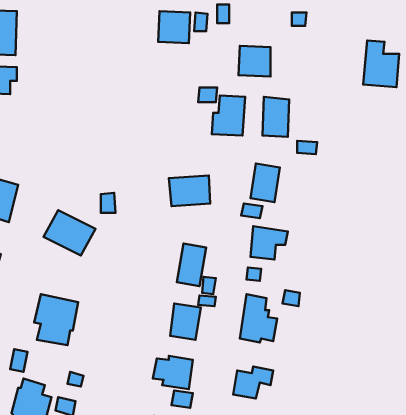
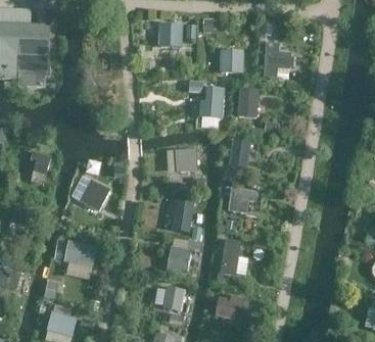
building: [363,40,399,87] -> [264,42,291,78]

